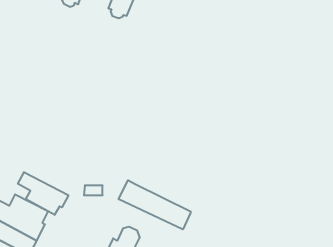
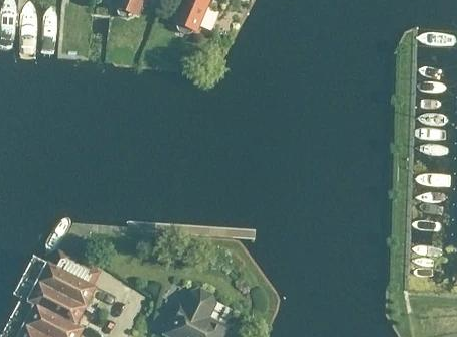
building: [18,172,68,215] -> none
building: [119,180,191,229] -> none

